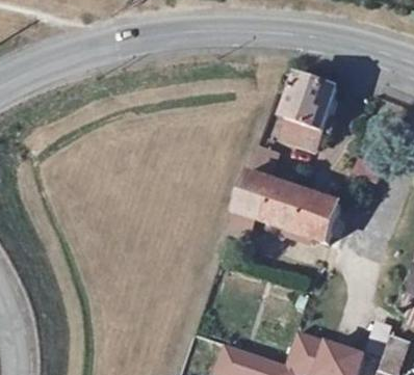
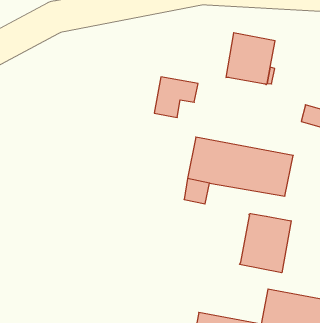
building: [276,118,322,160] -> [154,77,198,117]
building: none -> [240,214,291,273]

